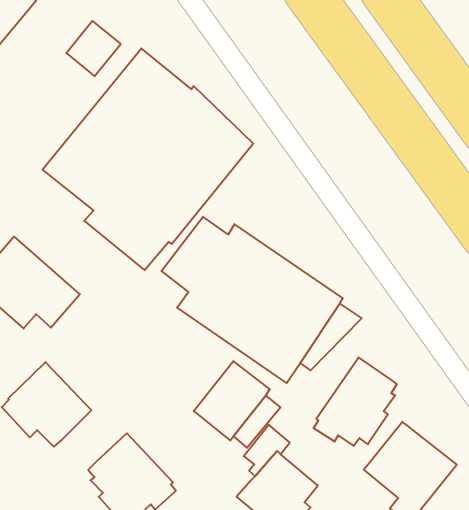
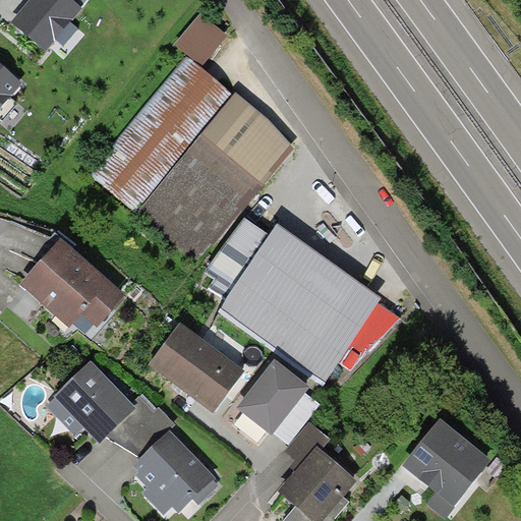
building: [66,21,121,76] -> [174,11,227,65]
building: none -> [149,322,244,411]
building: [314,357,397,446] -> none
building: none -> [106,394,176,457]

